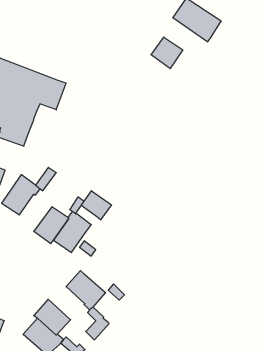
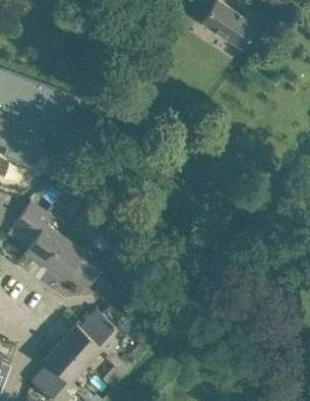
building: [151,37,183,69] -> none
building: [81,191,112,220] -> none
building: none -> [24,222,64,264]
building: none -> [60,323,102,364]

